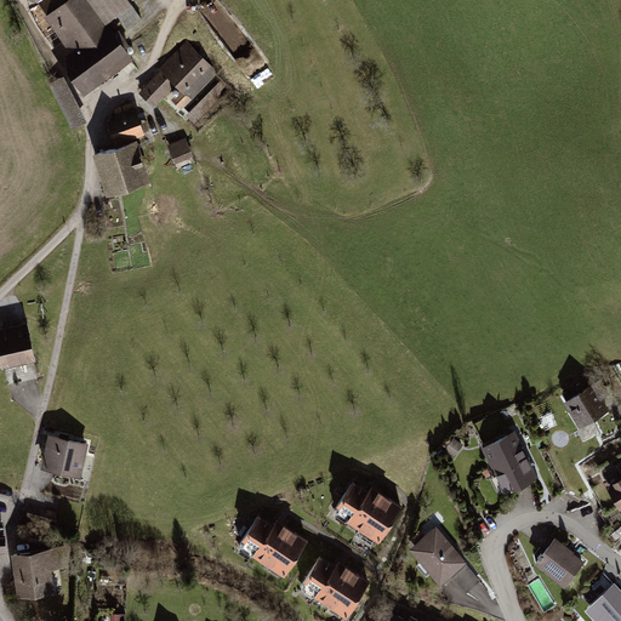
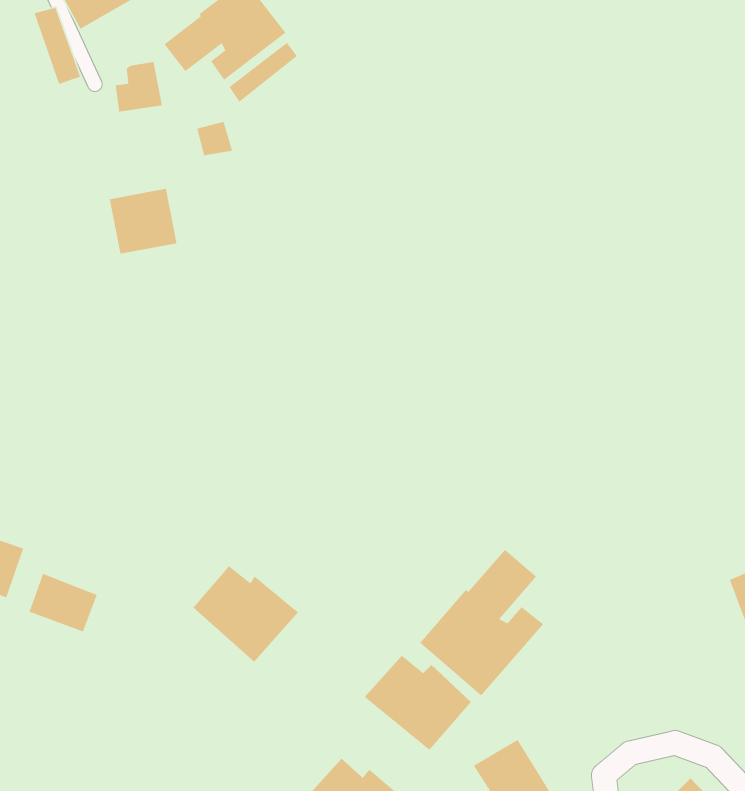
building: [96,144,146,193] -> [109,188,177,254]
building: none -> [419,549,544,697]
building: [482,433,537,495] -> none
building: none -> [29,573,98,632]
building: [238,514,309,577] -> [193,565,299,663]

